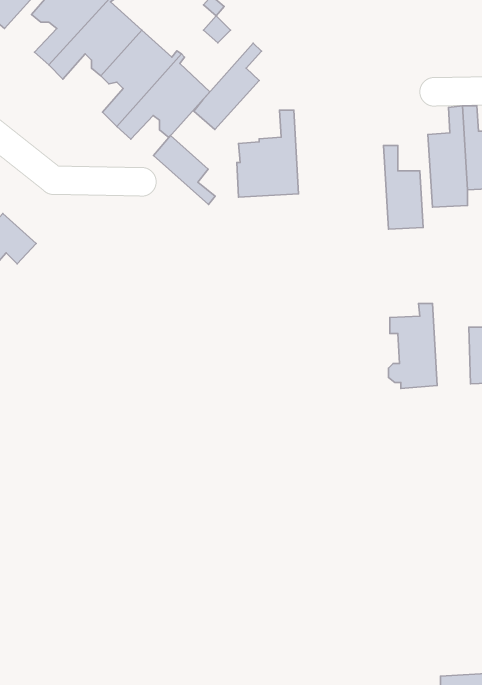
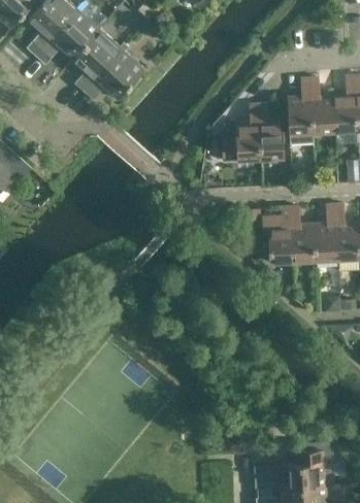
building: [194,43,261,129] -> none
building: [237,110,299,197] -> [221,104,261,161]
building: [153,136,215,205] -> none
building: none -> [290,206,315,261]

